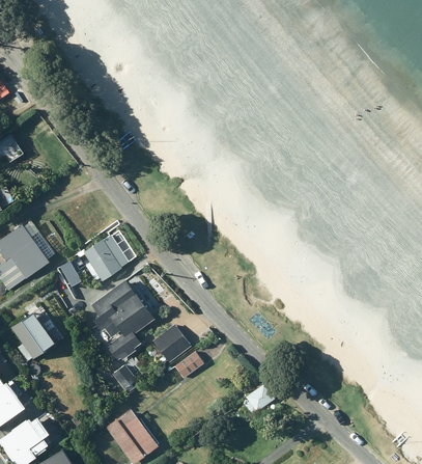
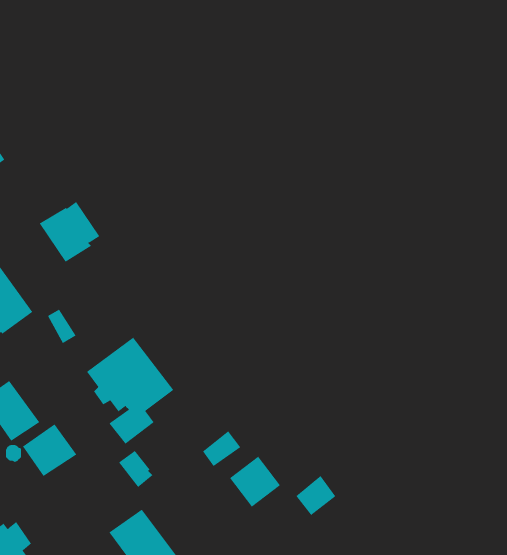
building: [83,235,129,280] -> [39,201,100,263]
building: [153,323,192,361] -> [229,456,281,508]
building: none -> [22,424,77,477]

